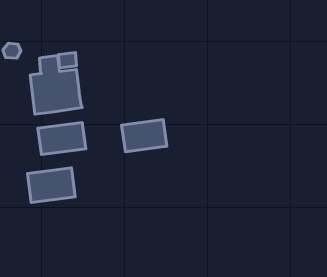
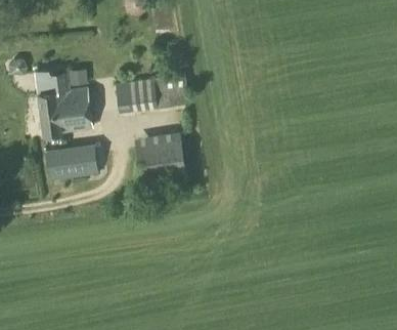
building: none -> [116,73,189,112]
building: [28,168,75,202] -> none

